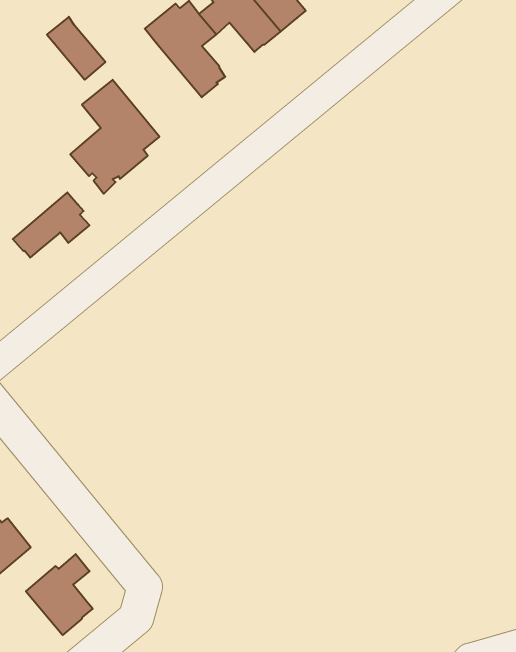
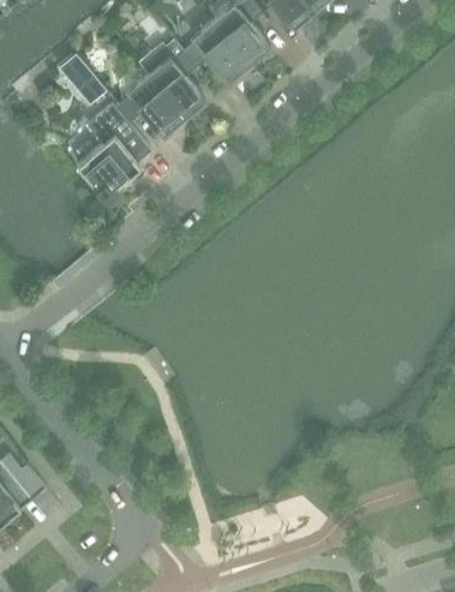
building: none -> [115,74,182,136]
building: [13,192,89,258] -> none
building: [26,554,93,635] -> none

